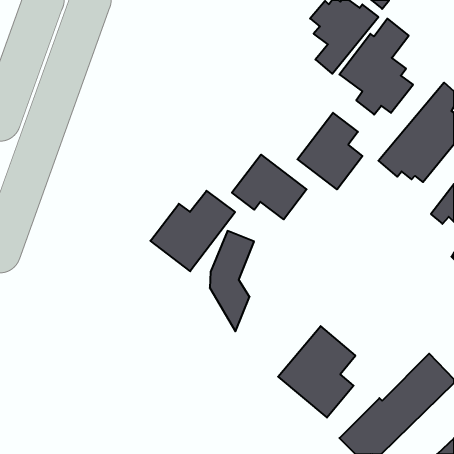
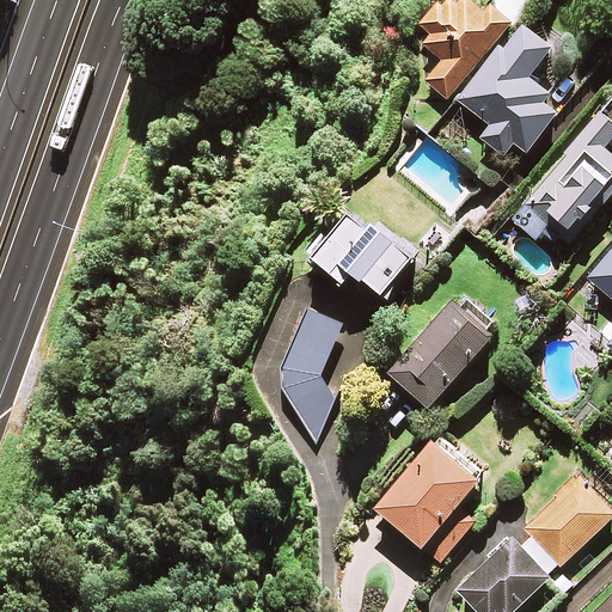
building: [297,113,362,189] -> none
building: [150,191,235,271] -> none
building: none -> [387,296,492,406]

